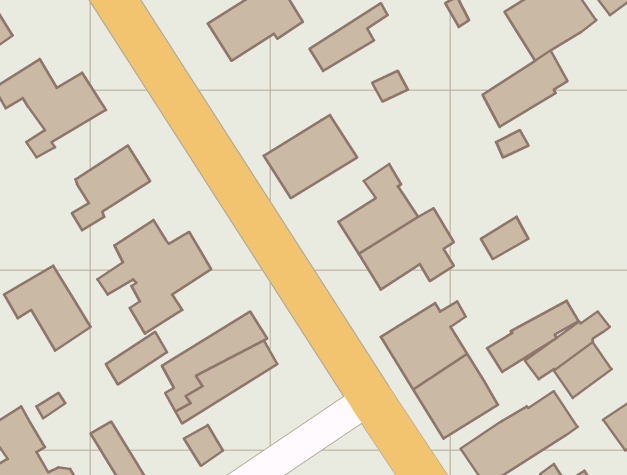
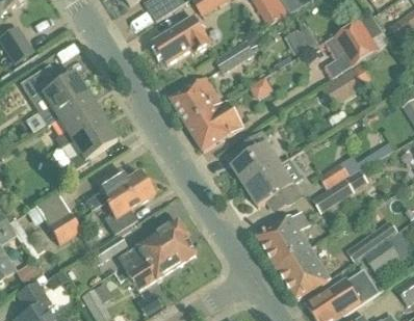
building: none -> [171,77,222,125]
building: none -> [55,97,103,149]
building: [487,301,579,372] -> [312,169,368,213]

